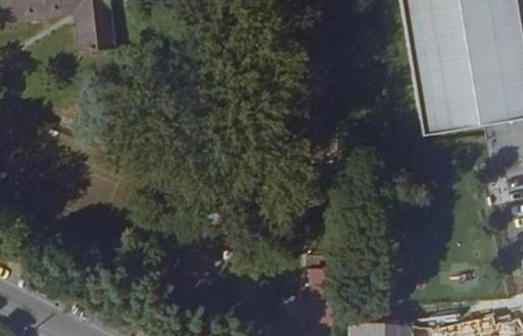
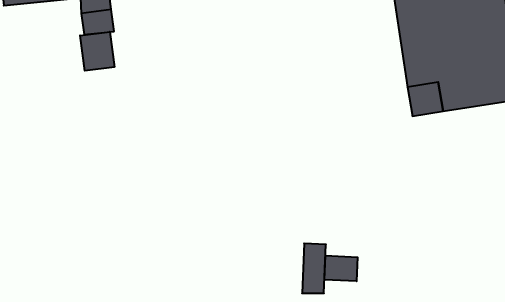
building: none -> [80,32,114,71]
building: none -> [324,256,358,281]

